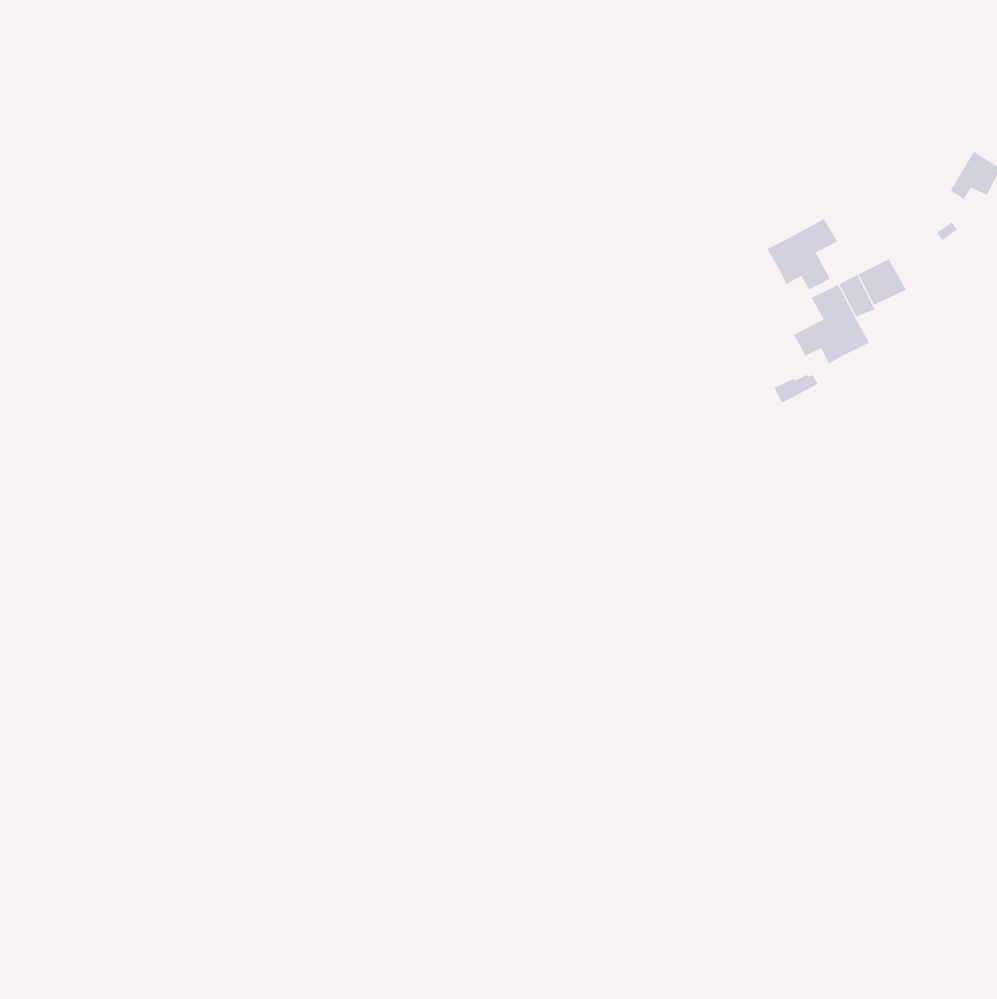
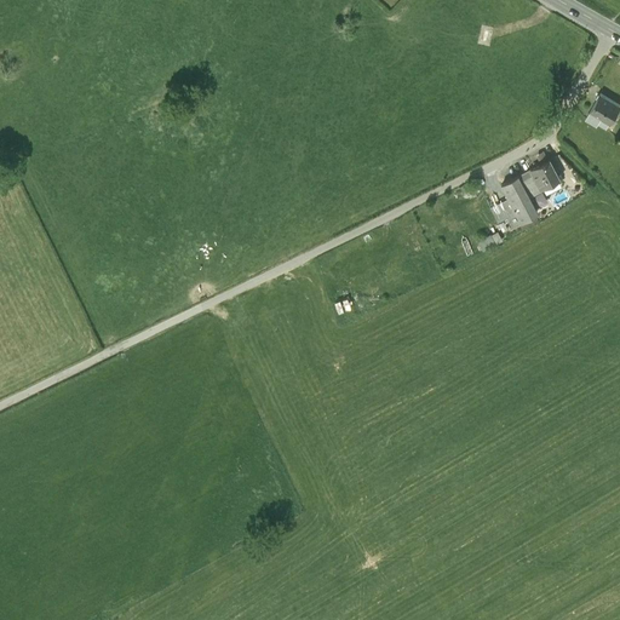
building: [767,218,838,290] -> none

